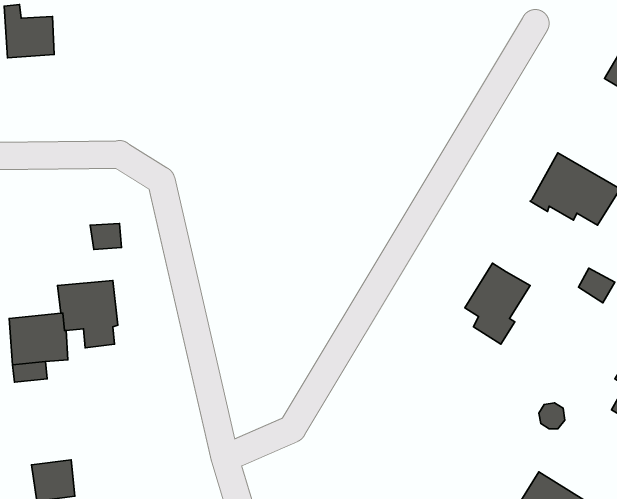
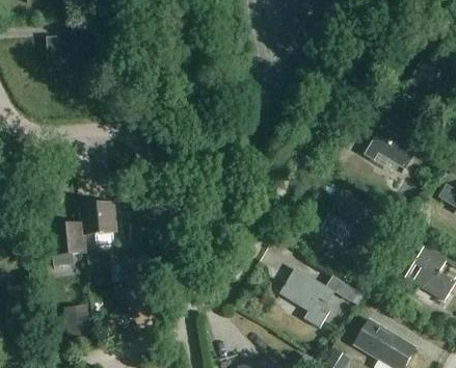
building: none -> [281,269,365,328]

